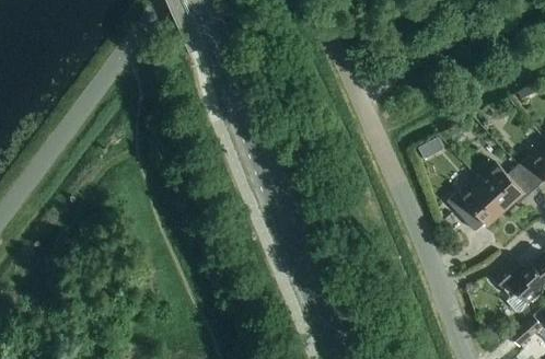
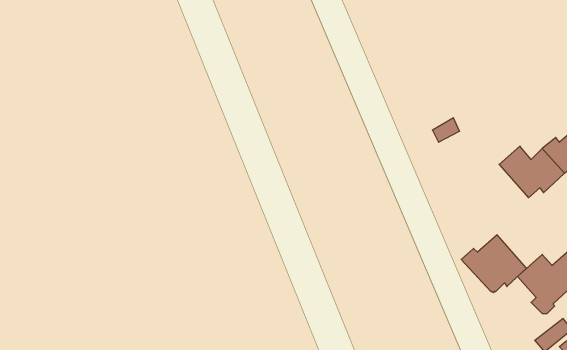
building: [448,178,506,230] -> [461,235,527,293]

